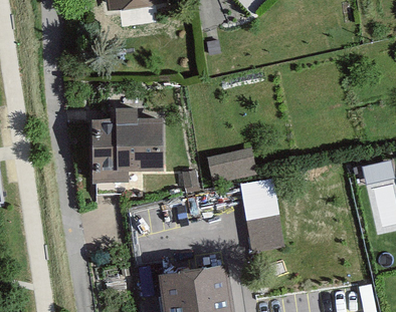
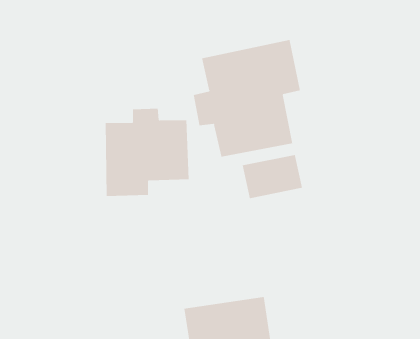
building: none -> [193,39,300,157]
building: [242,178,281,249] -> none

